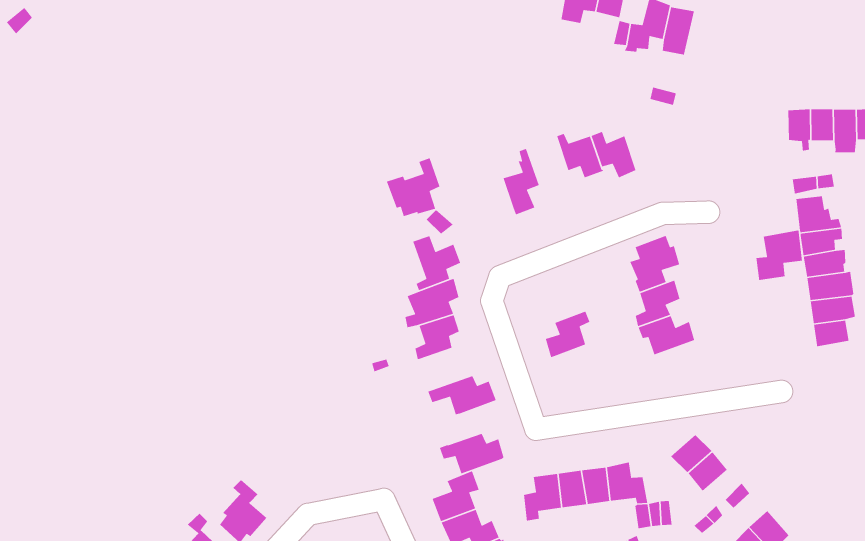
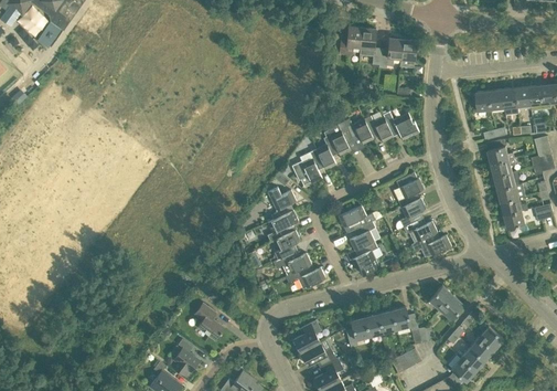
building: none -> [383,113,418,140]
building: none -> [325,121,352,156]
building: [386,157,440,217] -> [290,149,322,186]
building: [756,230,803,281] -> none
building: none -> [336,207,371,232]
building: none -> [410,232,450,257]
building: none -> [350,241,378,274]
building: none -> [194,304,223,339]
building: [439,433,504,474] -> [271,251,310,276]

